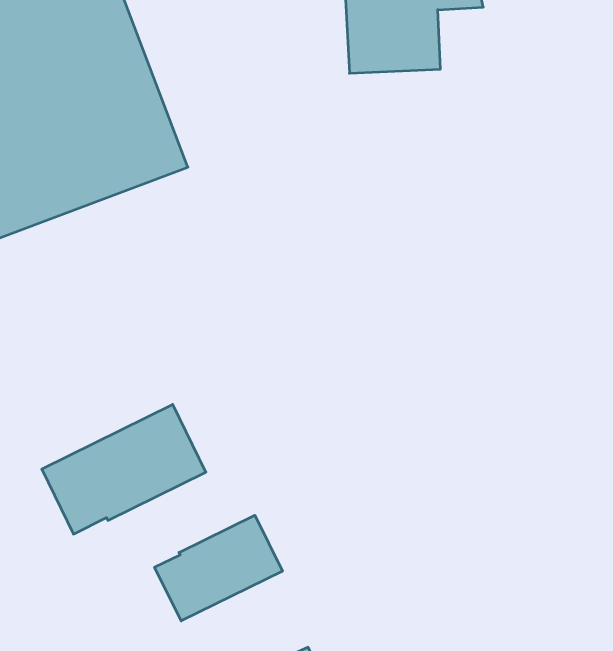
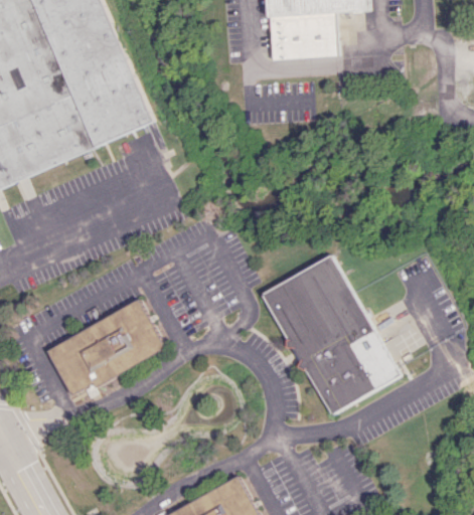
building: none -> [264,255,398,413]
building: [155,515,282,621] -> none

